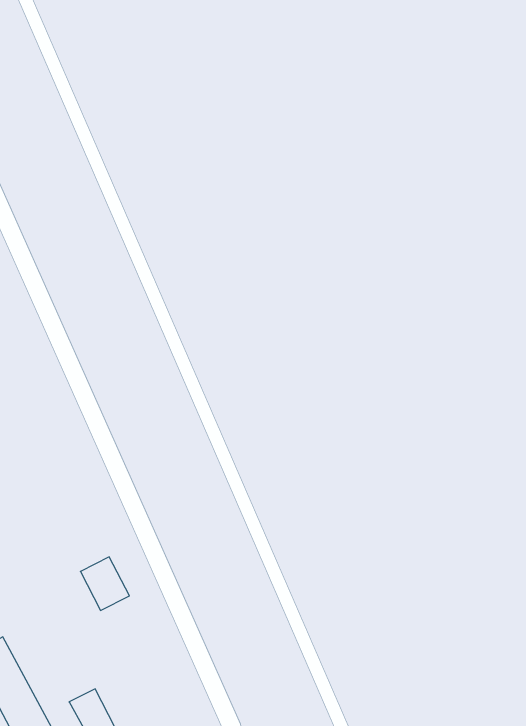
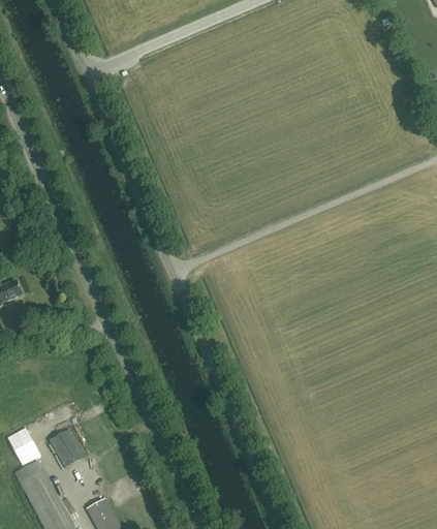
building: [80,557,129,610] -> [50,430,85,468]

